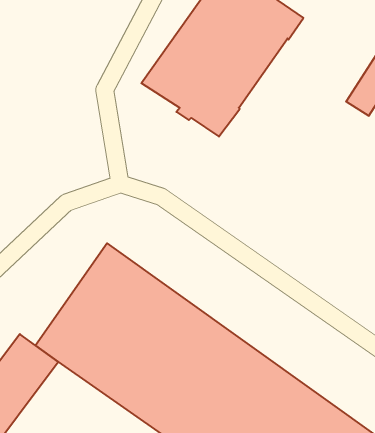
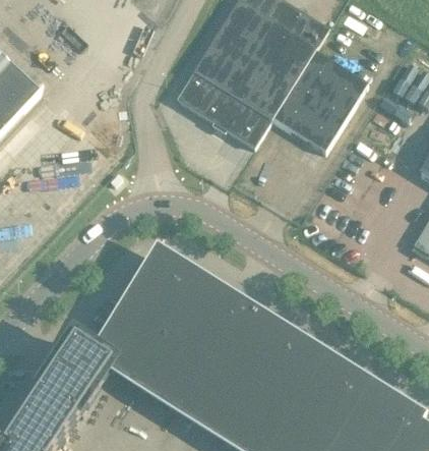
building: none -> [270,46,367,148]

